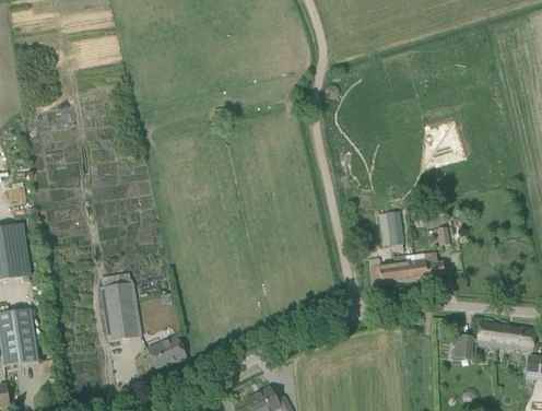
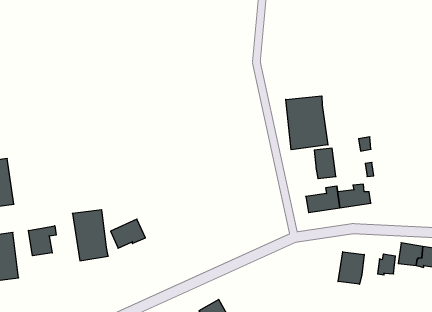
building: none -> [286,96,328,150]
building: none -> [28,226,56,256]
building: none -> [338,252,364,284]
building: [146,334,187,368] -> [111,219,145,248]

